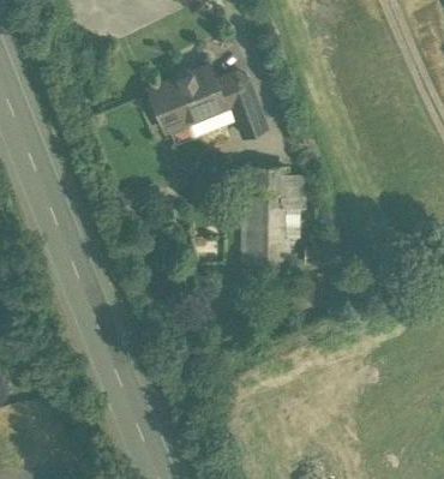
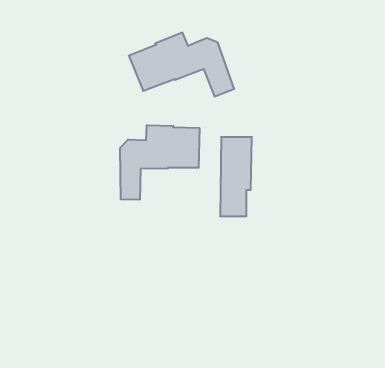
building: none -> [120,125,199,200]

